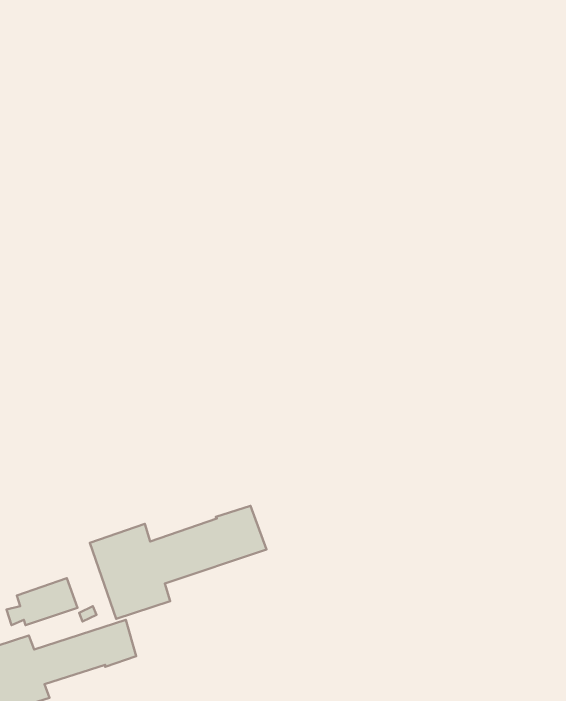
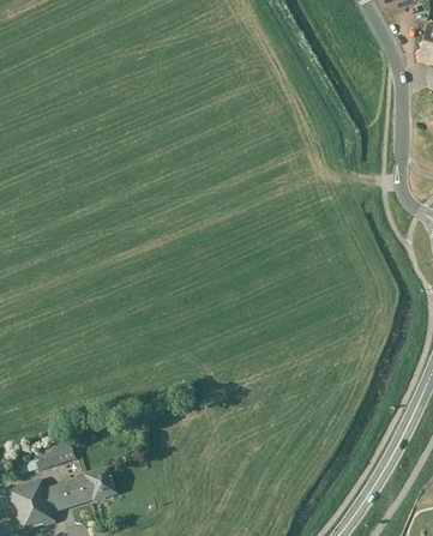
building: [90,506,267,619] -> none

